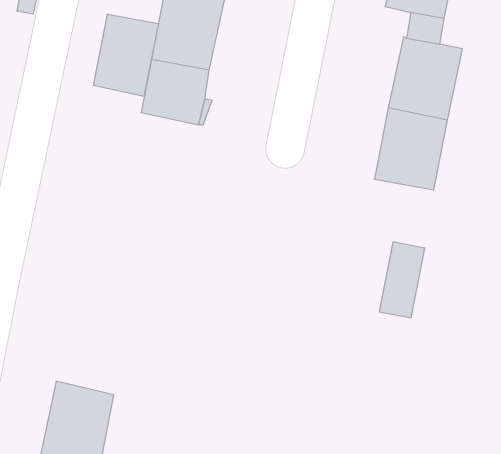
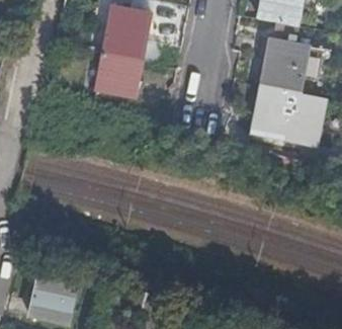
building: [94,14,159,96] -> none
building: [379,242,425,318] -> [290,93,321,144]

